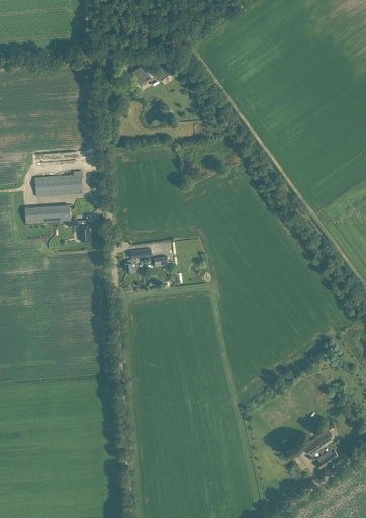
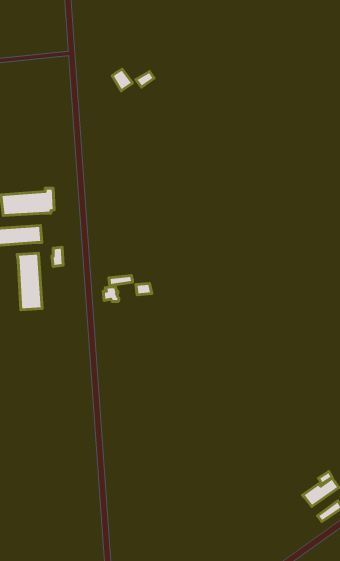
building: none -> [17,253,42,310]

